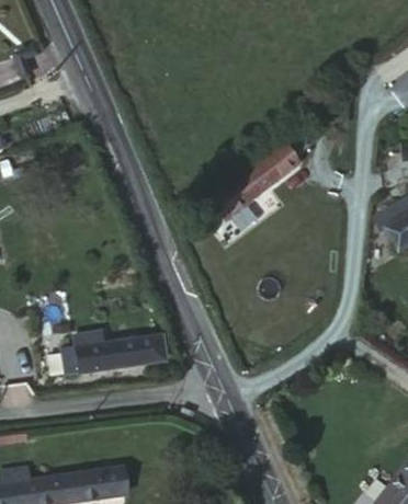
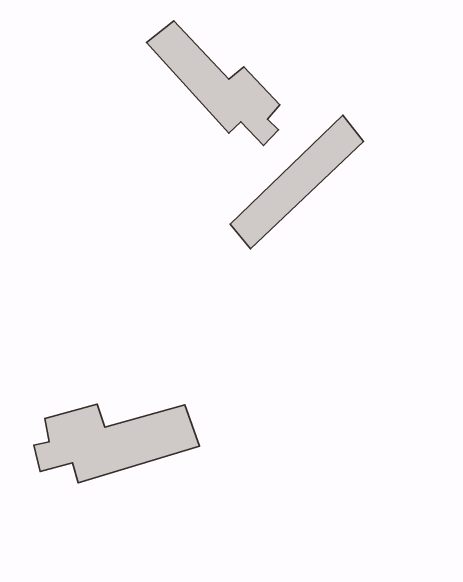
building: none -> [146,21,280,145]

